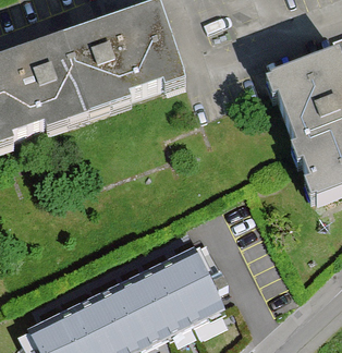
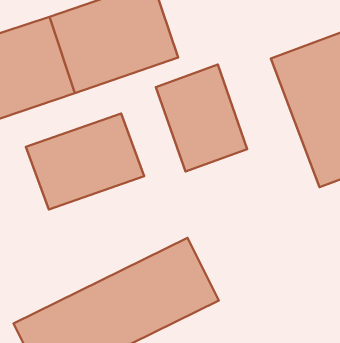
building: none -> [156,65,247,172]
building: none -> [26,114,144,210]

